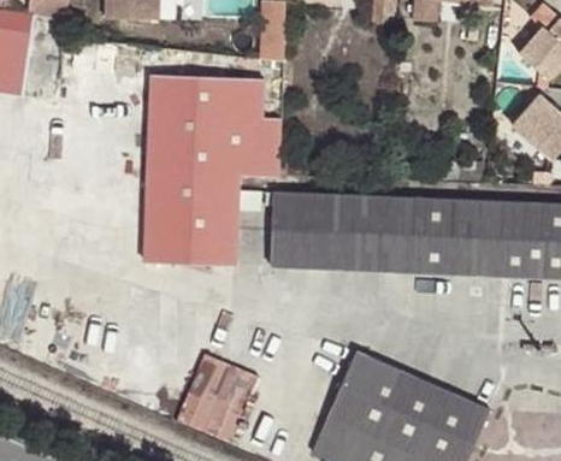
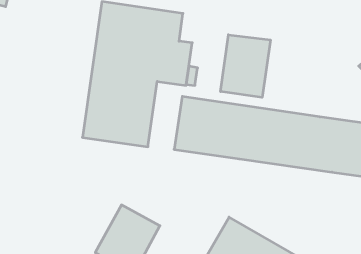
building: none -> [221,35,270,97]

